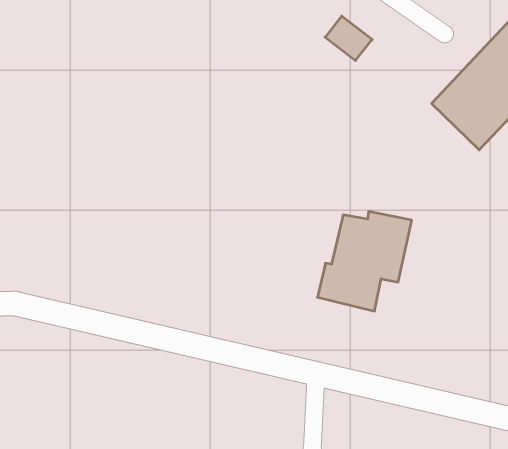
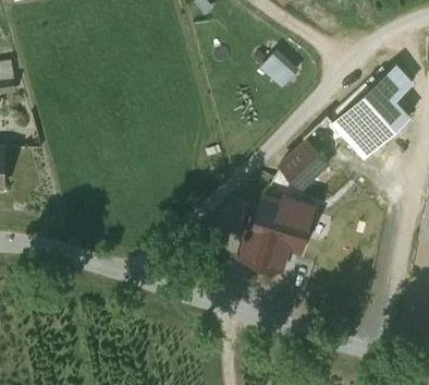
building: none -> [281,137,342,185]

